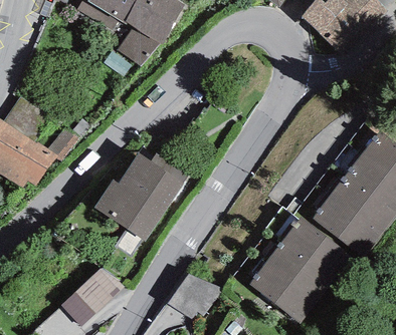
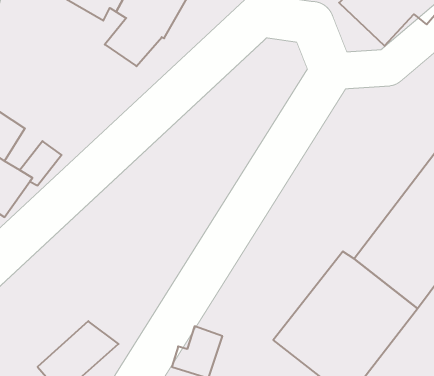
building: [93,152,189,241] -> none

